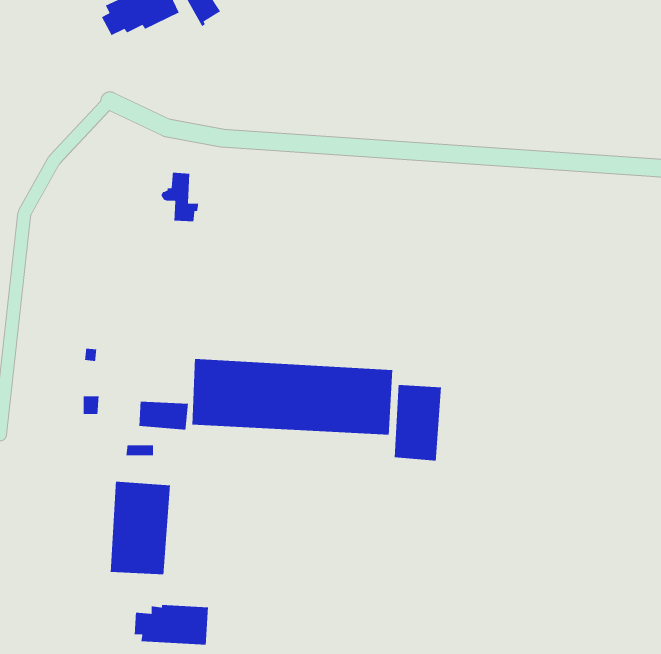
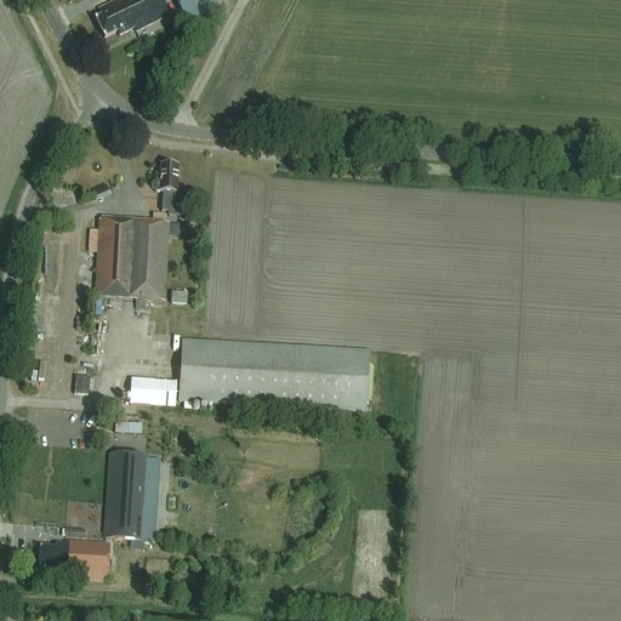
building: none -> [89,213,176,298]
building: [394,384,442,461] -> none
building: [134,604,209,646] -> [39,539,109,577]

